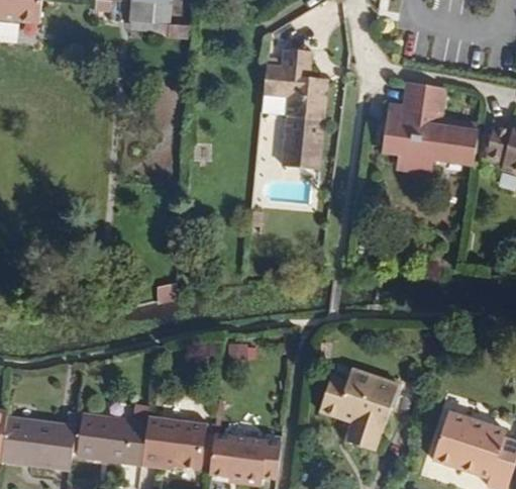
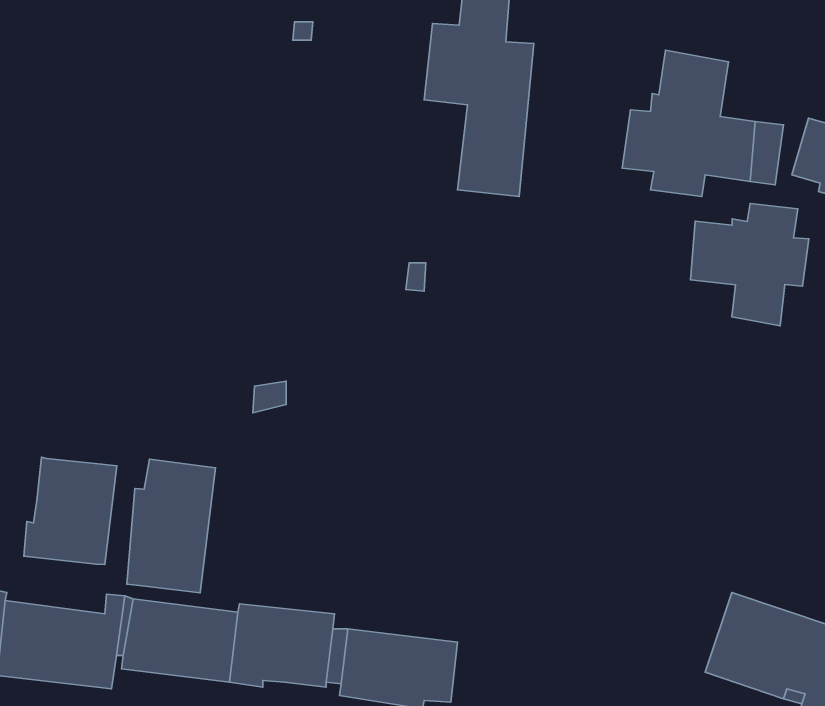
building: none -> [690,203,809,326]
building: none -> [24,457,117,564]
building: none -> [127,459,216,593]
building: [317,368,398,451] -> none

